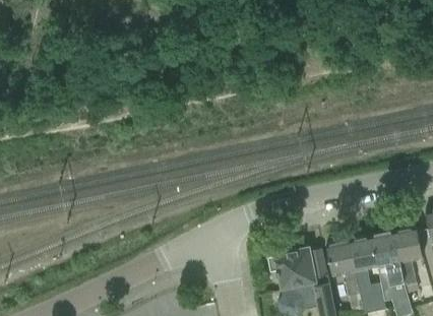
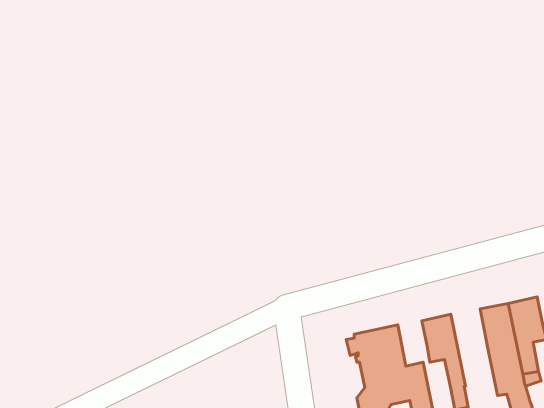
building: [350,237,378,296] -> none

